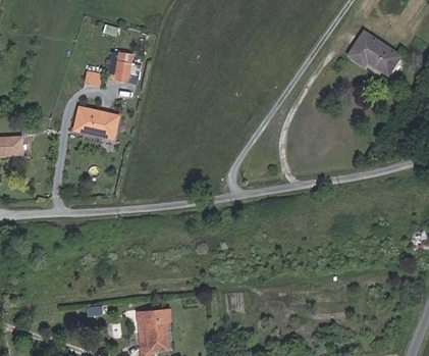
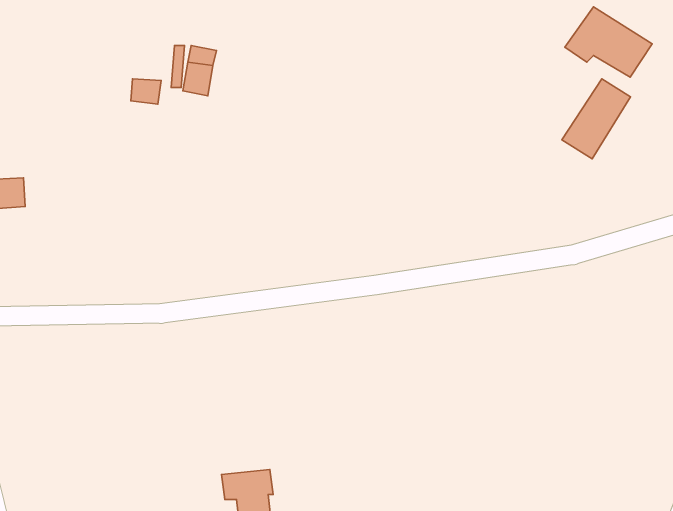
building: none -> [562,79,631,159]
building: [74,110,109,139] -> none

